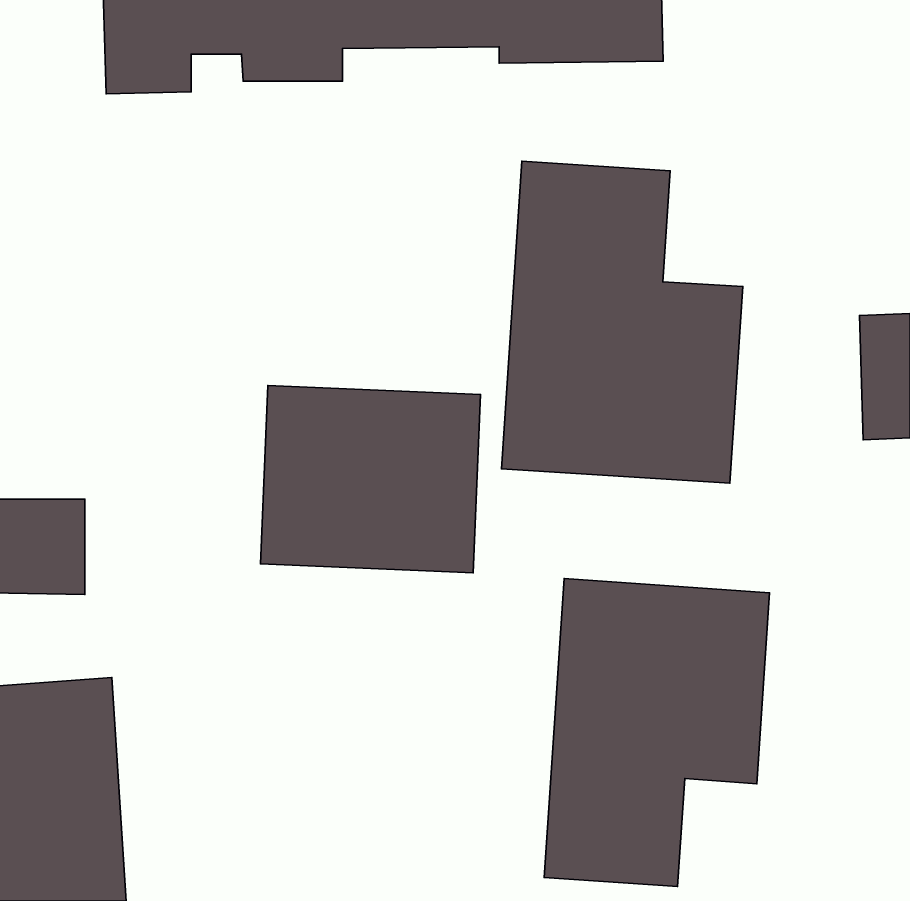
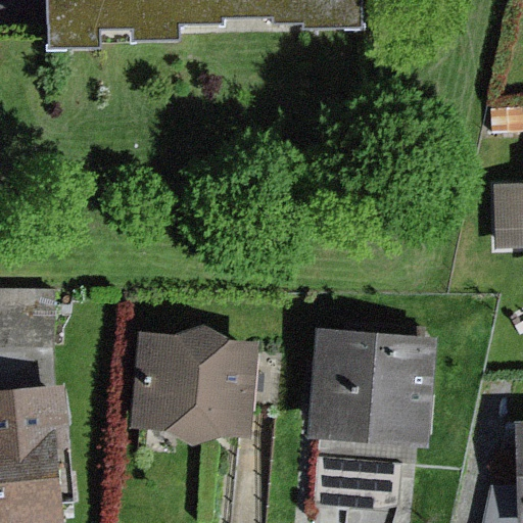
building: [501,161,743,483] -> none
building: [261,385,480,573] -> [131,332,255,438]

